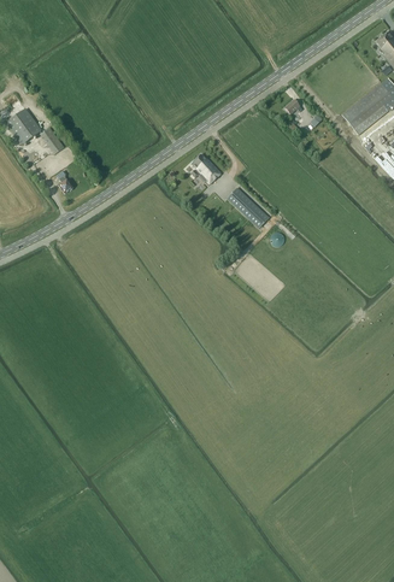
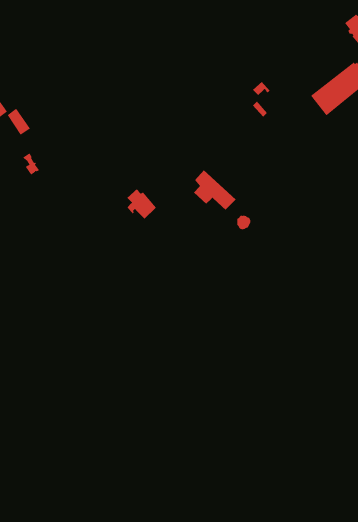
building: [190,153,220,184] -> [126,188,157,219]

